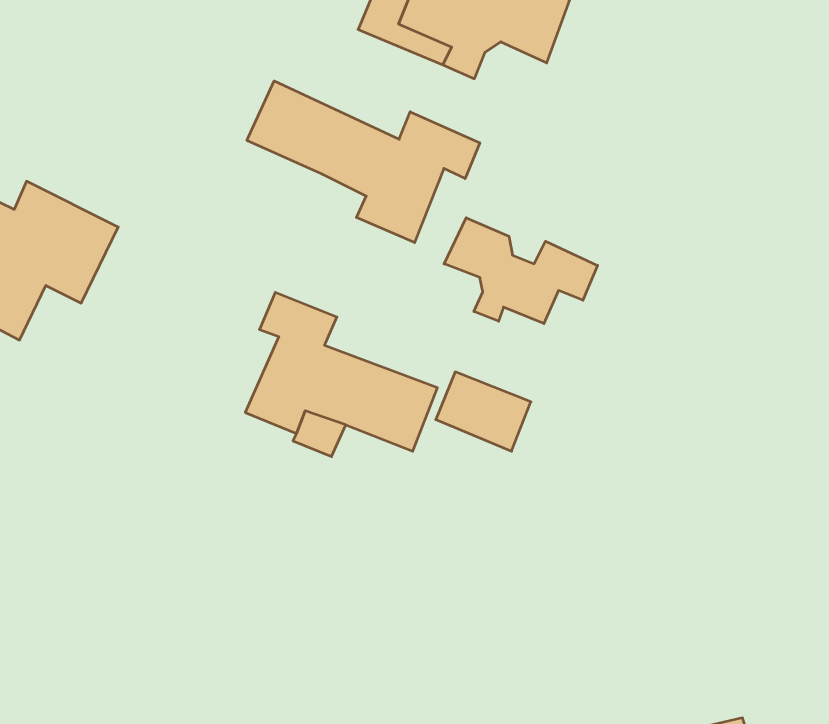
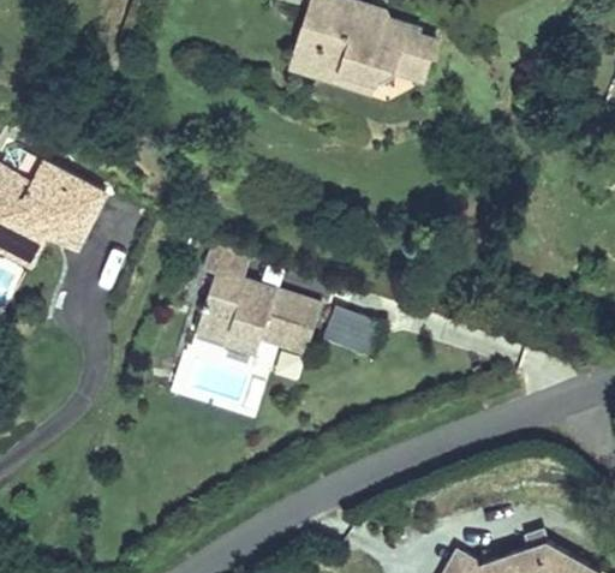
building: [247,81,480,243] -> none
building: [444,218,598,324] -> none

